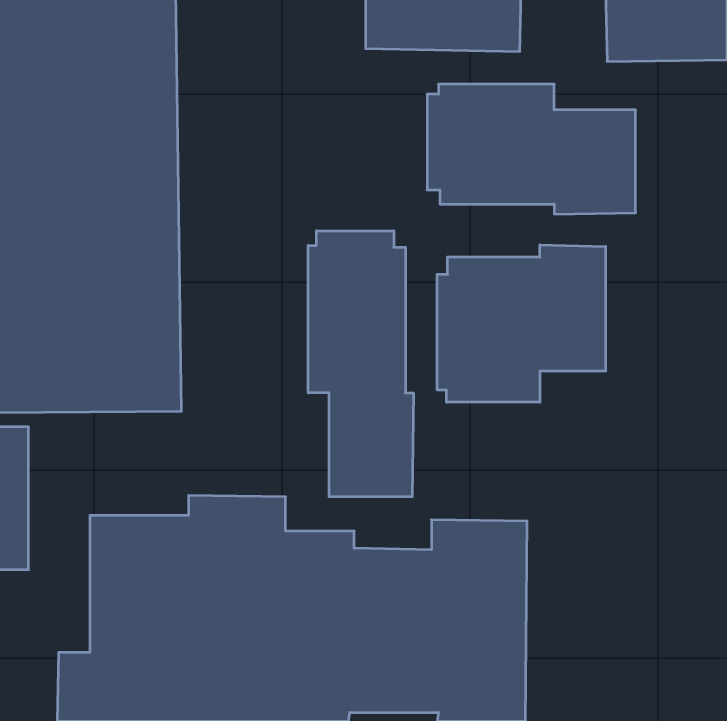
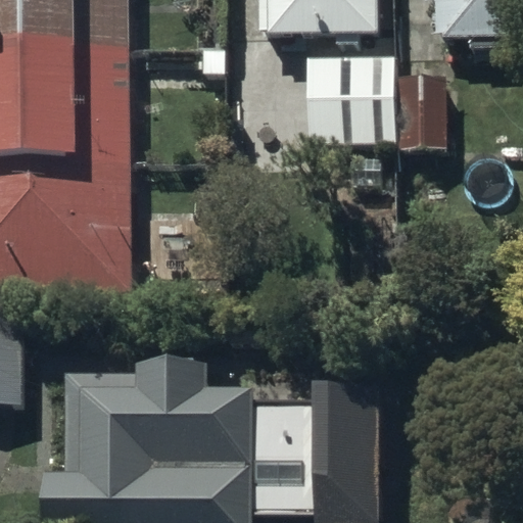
building: [308,231,413,497] -> none
building: [437,245,606,402] -> none

